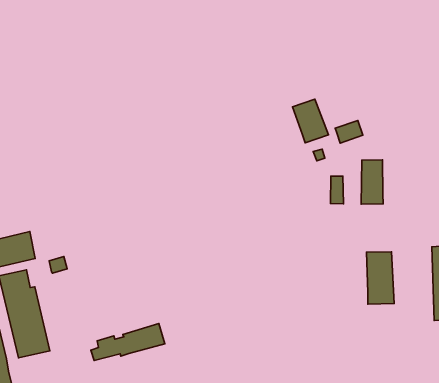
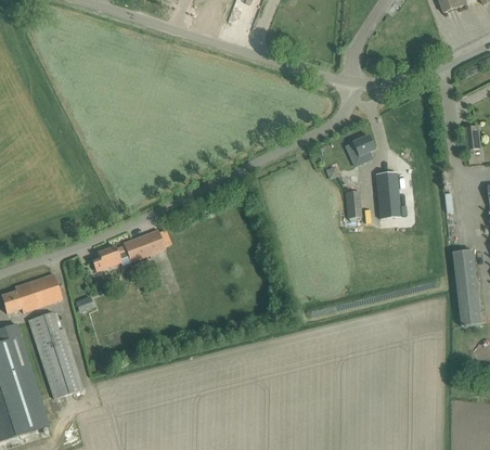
building: [293,99,329,143] -> none
building: [366,252,394,304] -> none
building: [91,323,165,360] -> [93,228,166,270]

